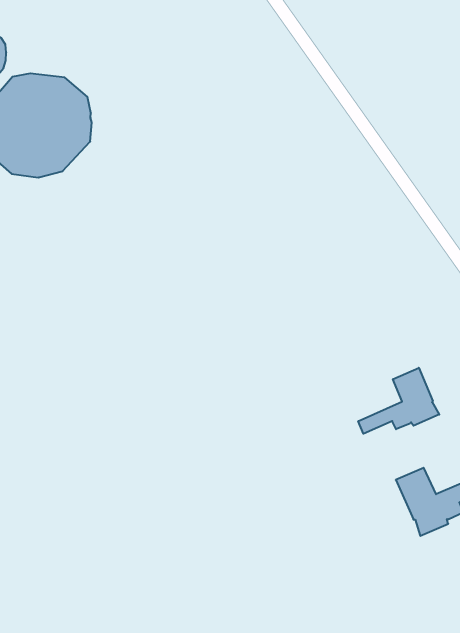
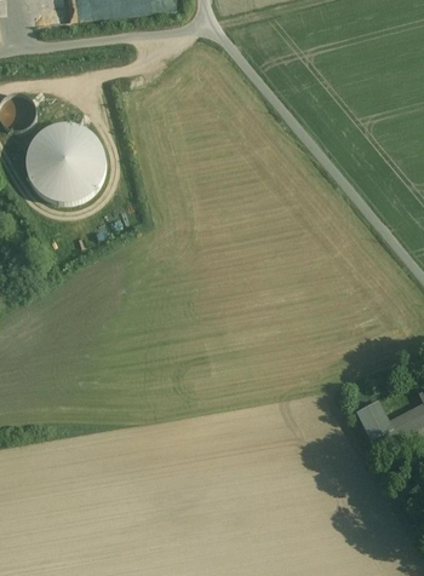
building: [358,368,439,434] -> none

